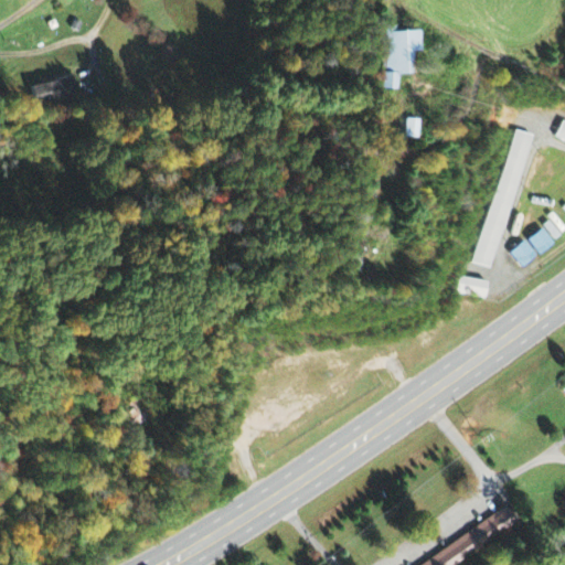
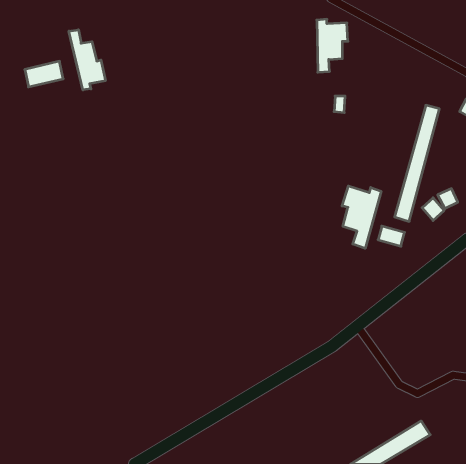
building: none -> [69,30,105,90]
building: none -> [342,186,381,248]

